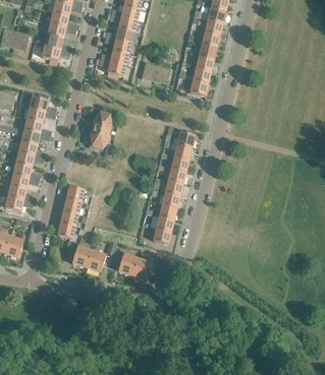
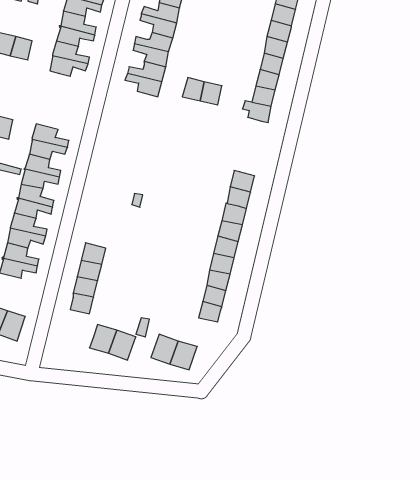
building: [90,113,111,148] -> none

